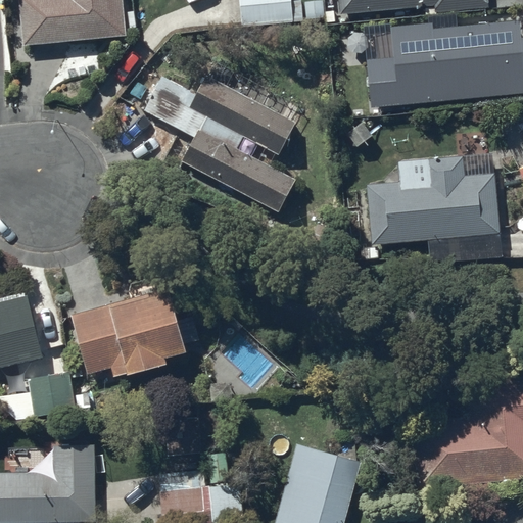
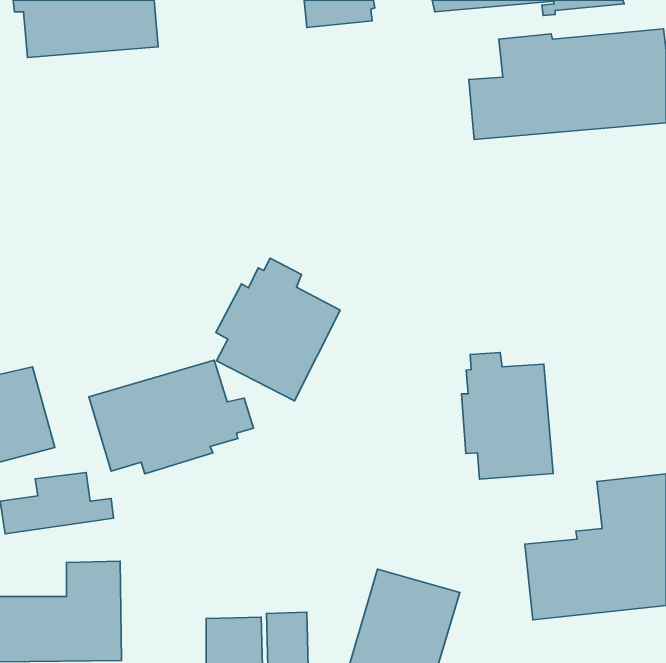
building: [143,62,305,211] -> none
building: [366,162,500,251] -> none
building: none -> [216,258,340,401]
building: none -> [462,352,553,479]

